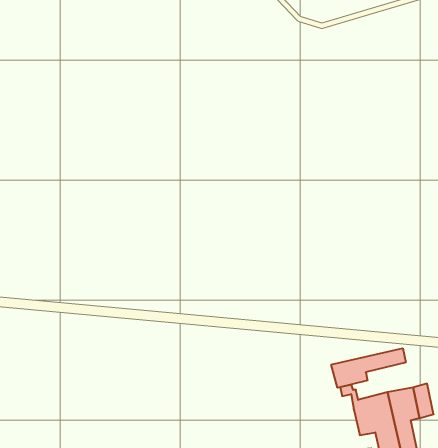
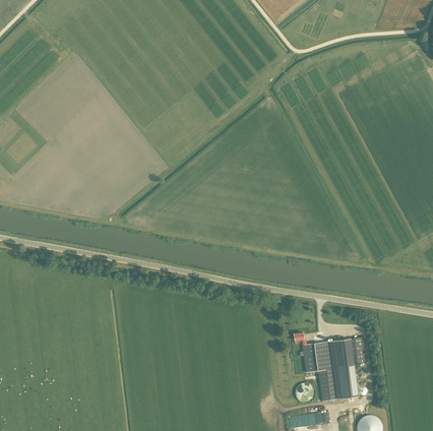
building: [331,348,406,388] -> none

